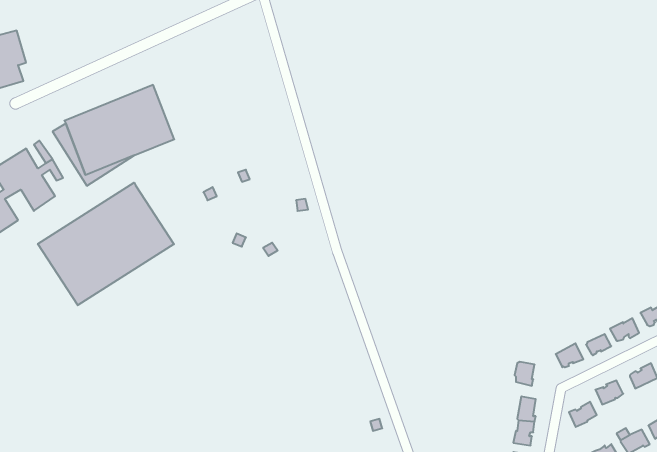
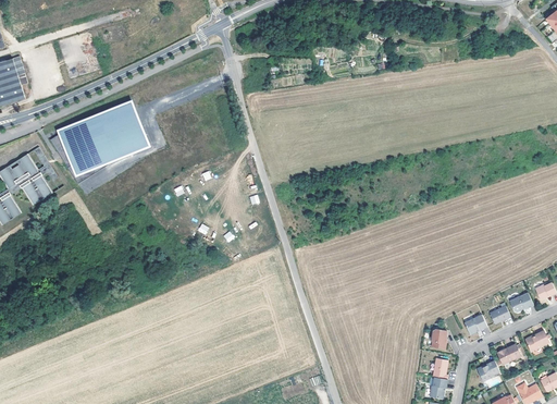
building: [38,183,174,305] -> none

